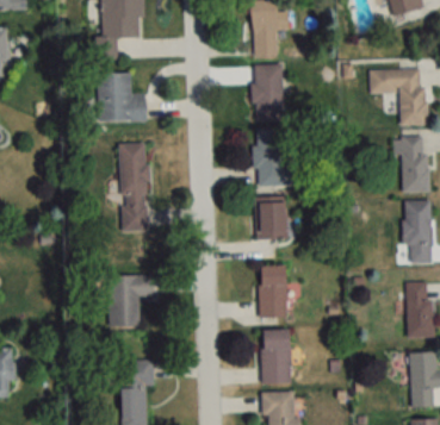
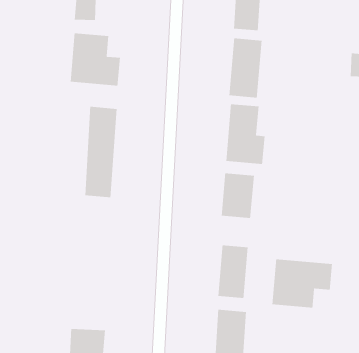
building: [106,275,153,326] -> none
building: none -> [272,258,333,309]

